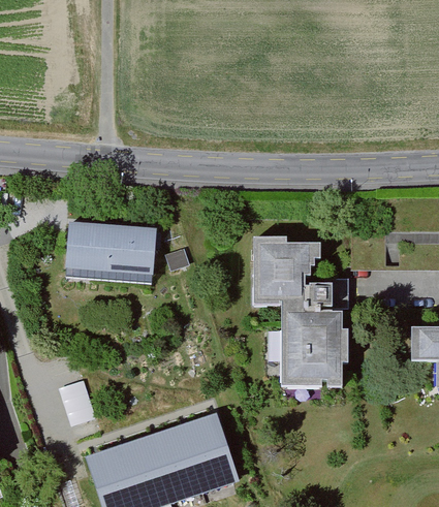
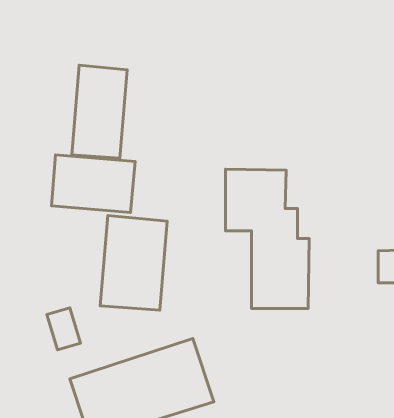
building: none -> [72,65,127,158]
building: none -> [100,216,167,310]

